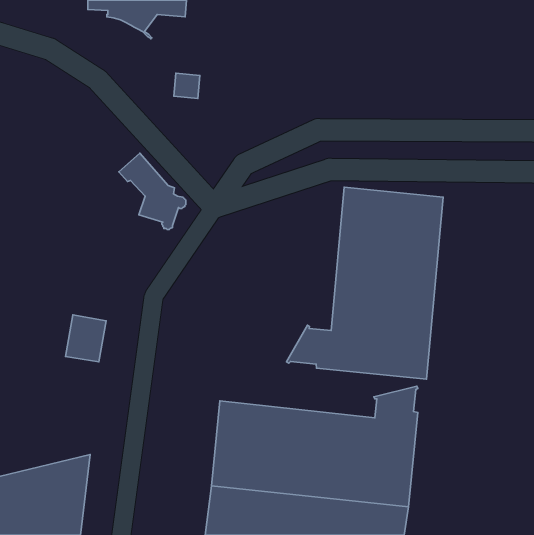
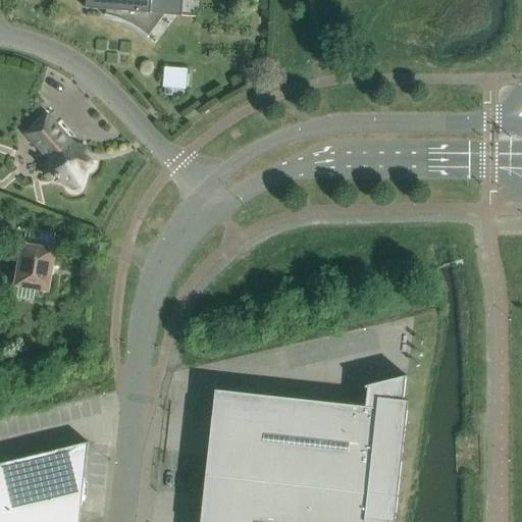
building: [119,153,186,230] -> [25,115,91,190]
building: [287,187,443,379] -> none
building: [65,315,106,362] -> [14,245,54,291]

